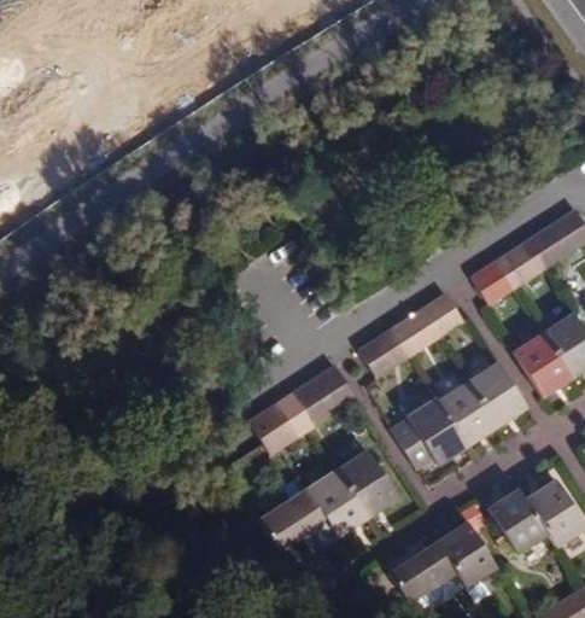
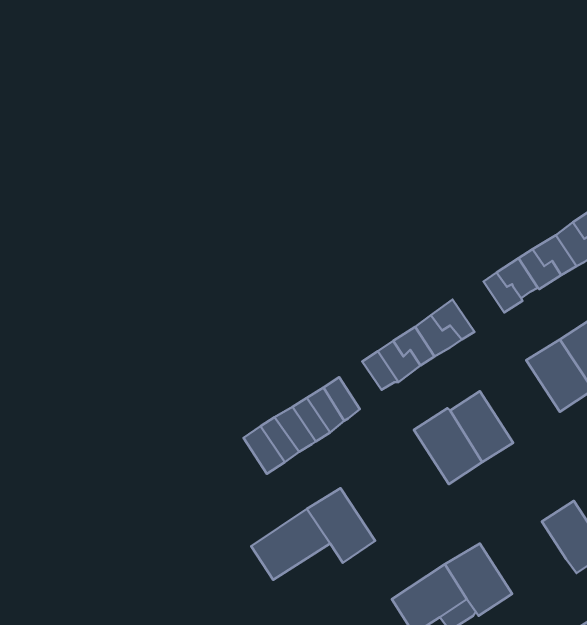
building: [469,358,528,426] -> none
building: [339,450,398,518] -> none
building: [491,488,550,554] -> none

